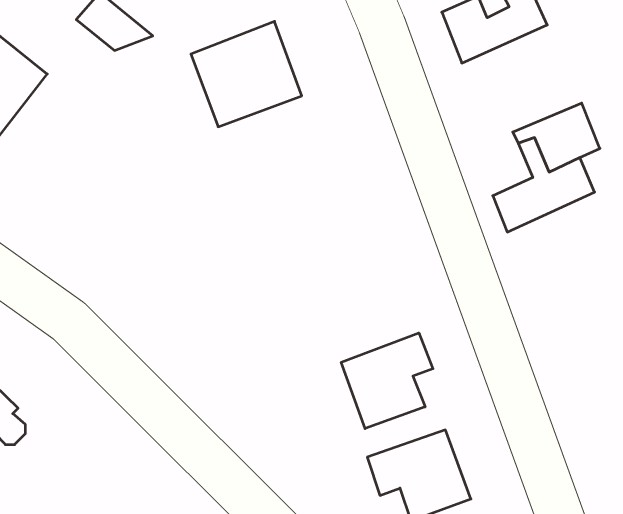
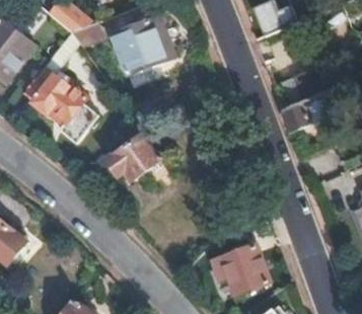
building: none -> [23,49,102,138]
building: none -> [105,124,159,179]
building: [341,333,433,429] -> none

